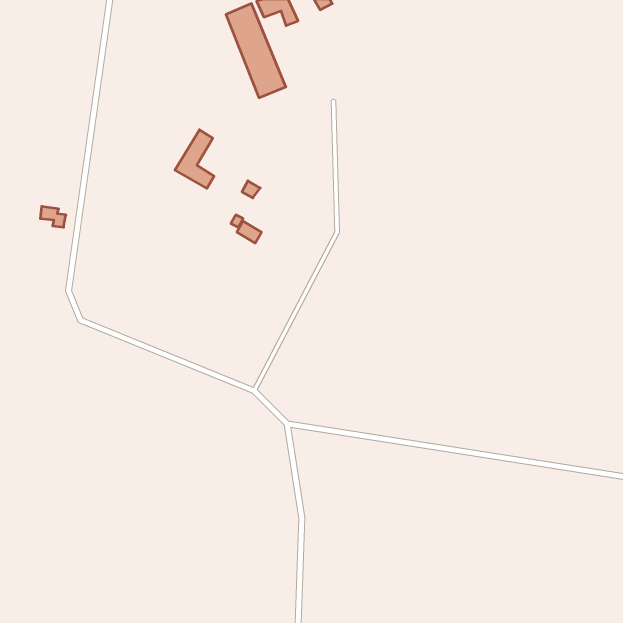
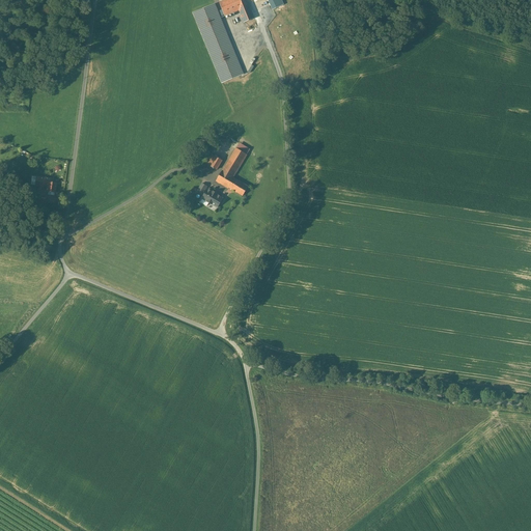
building: [175,130,214,188] -> [215,146,248,196]

